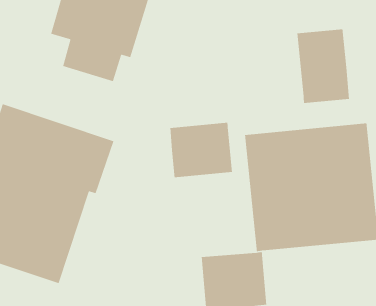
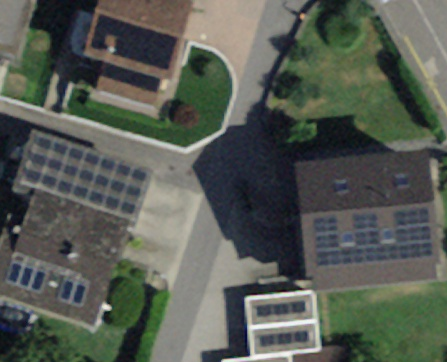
building: [297,28,350,104] -> none
building: [169,122,233,178] -> none

